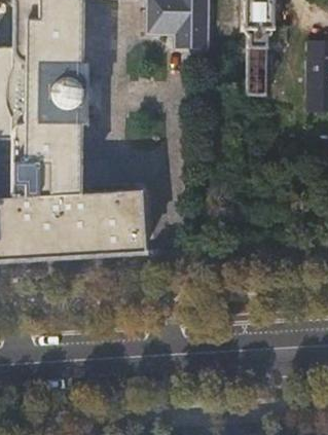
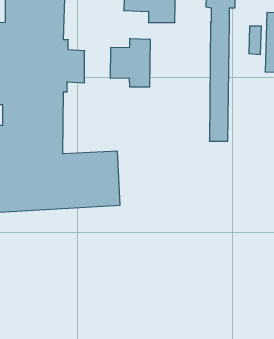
building: none -> [111,38,150,87]

